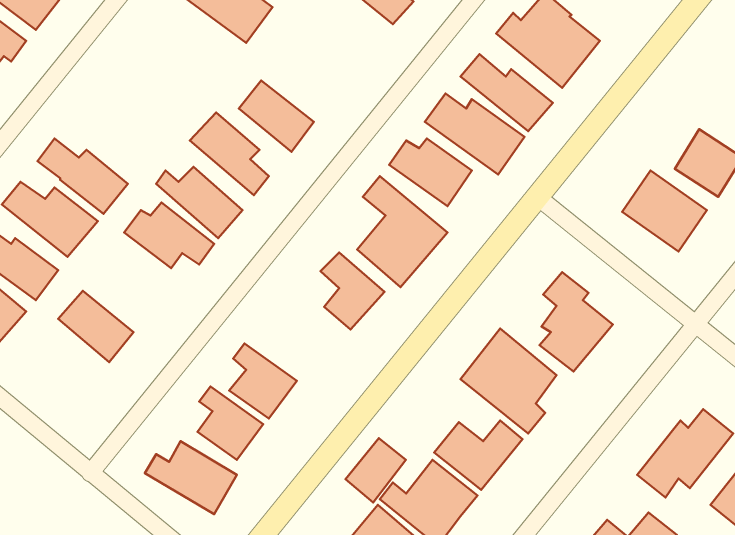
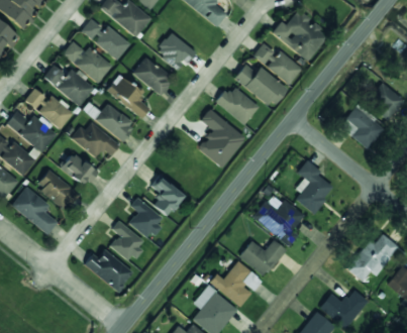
building: none -> [82,19,130,60]
building: none -> [155,32,195,69]
building: none -> [63,40,113,83]
building: none -> [43,65,95,105]
building: [320,252,384,329] -> [150,175,185,216]
building: none -> [61,152,97,186]
building: none -> [11,187,58,233]
building: [345,438,406,502] -> none

